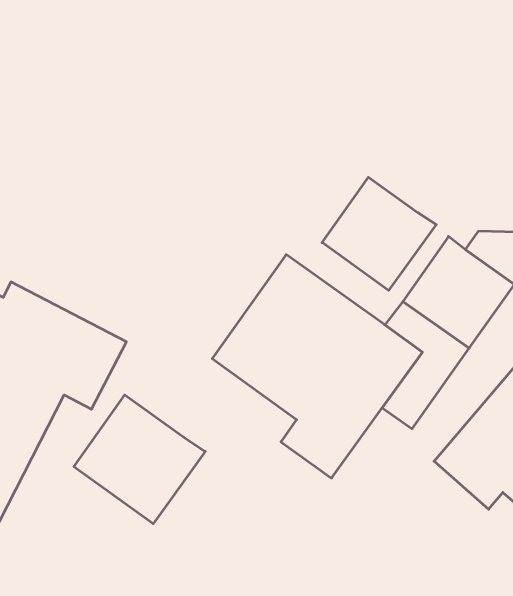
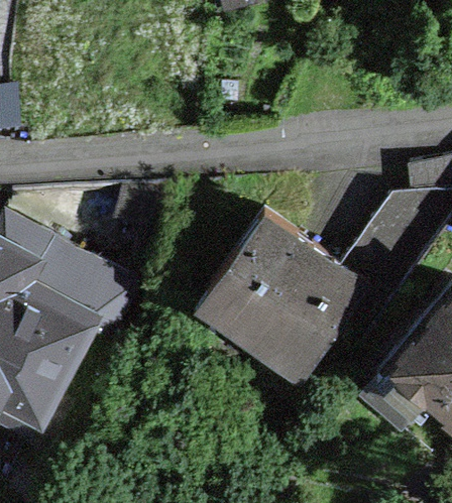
building: [322,177,436,290] -> none
building: [74,395,205,524] -> none

